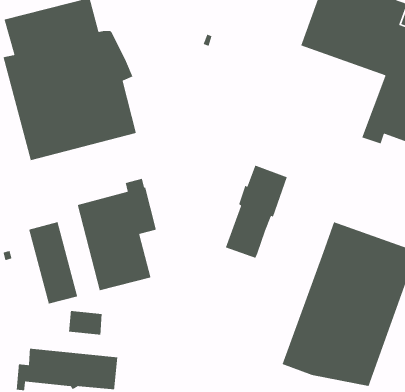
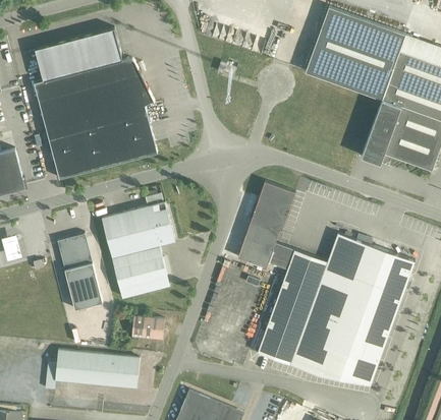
building: none -> [256,243,326,365]
building: [68,310,102,336] -> [131,316,163,340]

